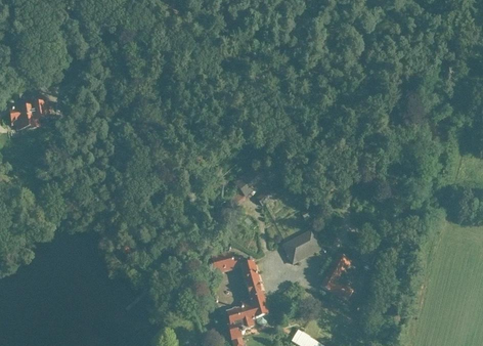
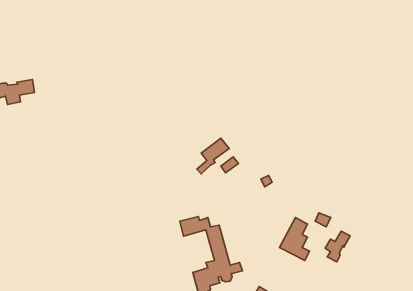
building: [283,230,321,264] -> none
building: none -> [325,231,350,262]

